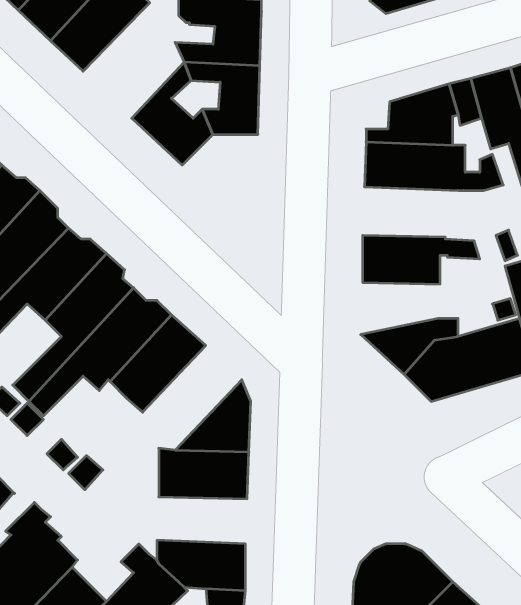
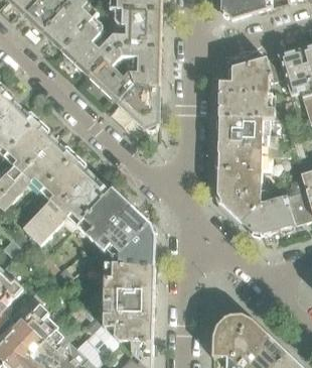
building: none -> [61,17,118,77]
building: none -> [117,86,159,131]
building: none -> [217,115,280,145]
building: none -> [216,168,261,198]
building: none -> [95,204,150,262]
building: none -> [103,288,153,315]

